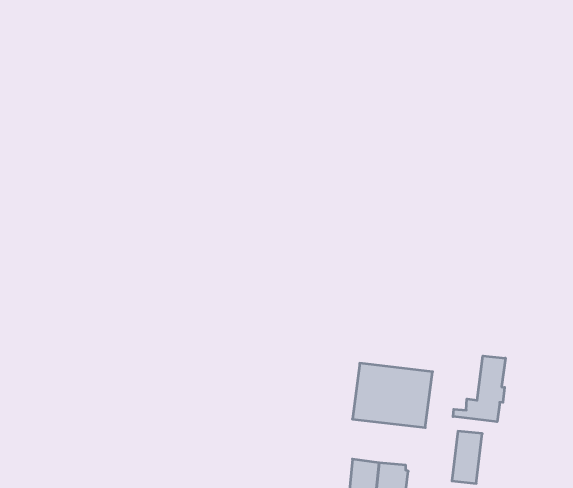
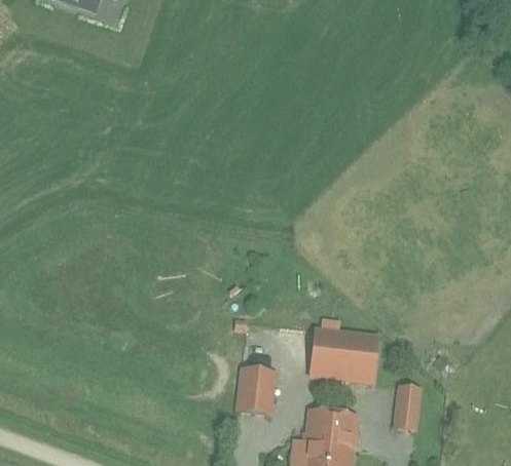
building: [453,356,505,422] -> none
building: none -> [238,366,276,412]

